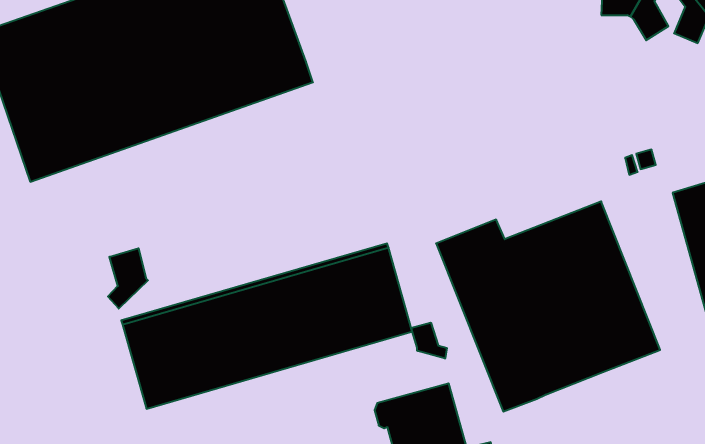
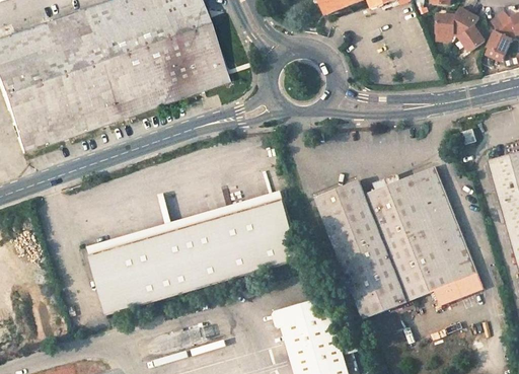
building: [108,248,148,309] -> none
building: [411,323,447,359] -> none
building: none -> [437,273,485,304]

